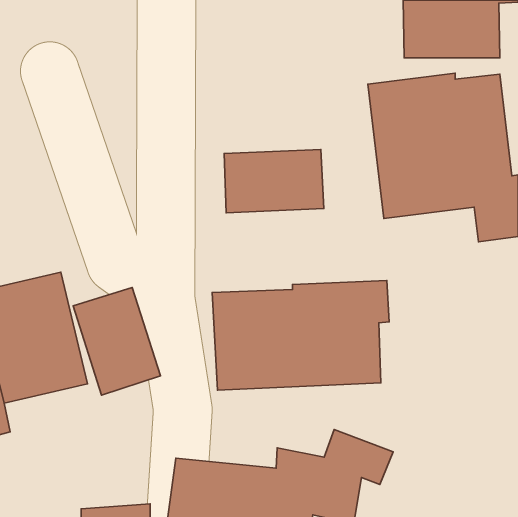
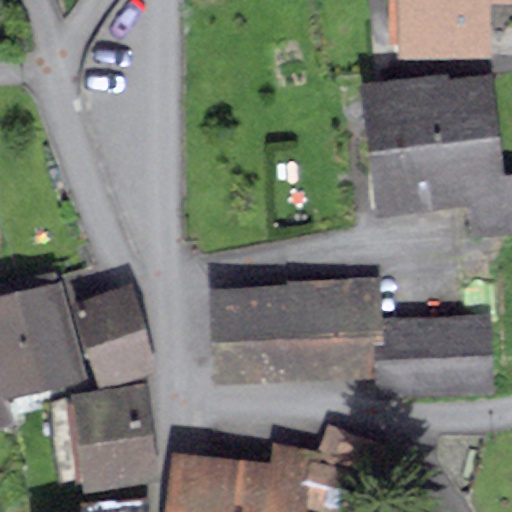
building: [224,150,324,213] -> none
building: none -> [373,315,493,399]
building: none -> [66,386,159,494]

